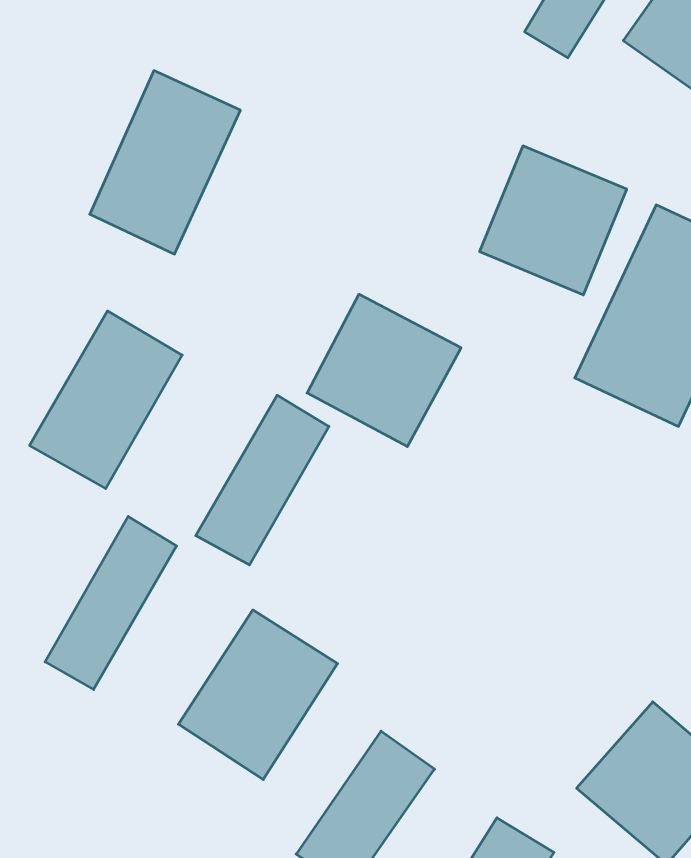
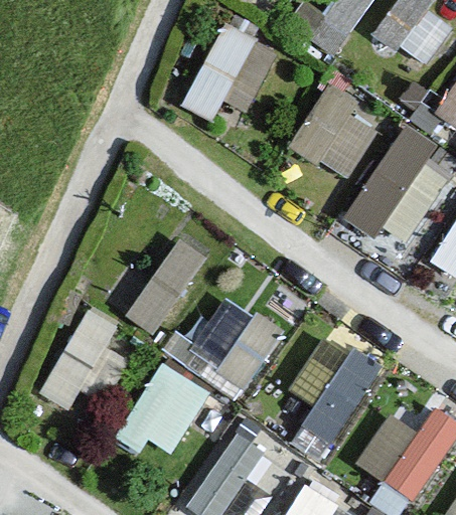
building: [90,71,240,254] -> [183,24,271,131]
building: [307,294,461,447] -> [192,296,282,384]
building: [30,311,182,489] -> none
building: none -> [291,333,382,460]

